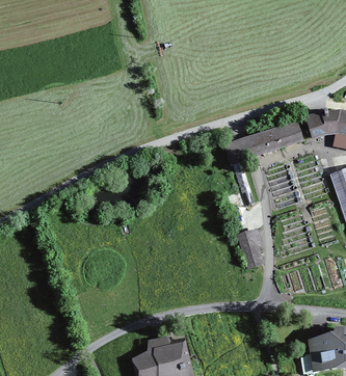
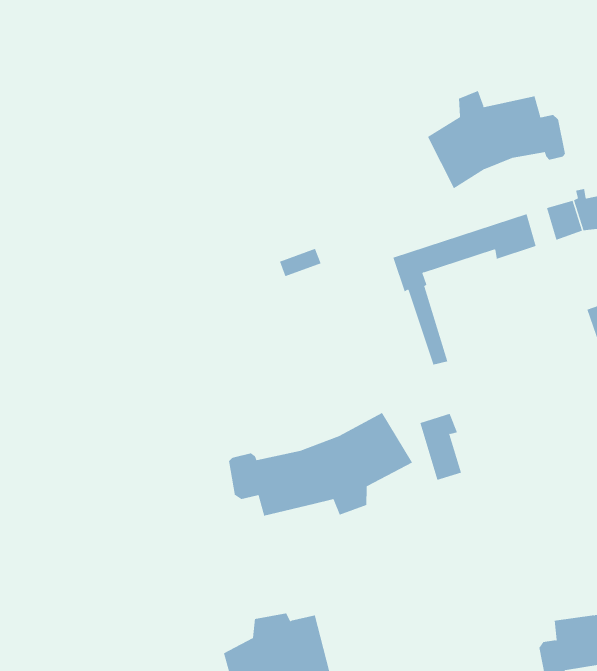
building: none -> [427,90,566,189]
building: none -> [228,412,413,517]

